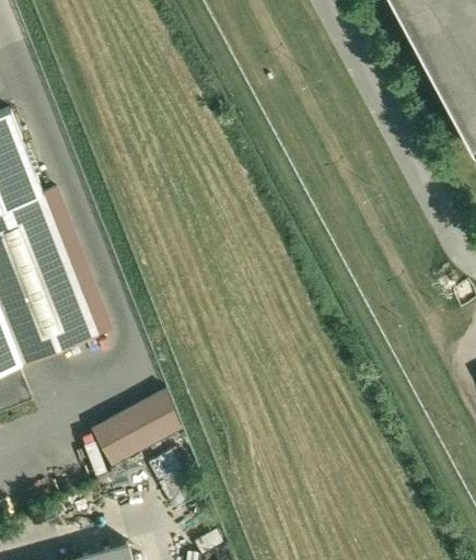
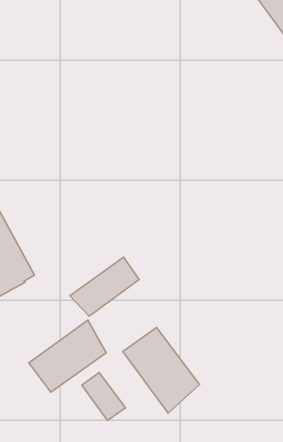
building: none -> [70,257,139,316]
building: none -> [123,327,200,413]

